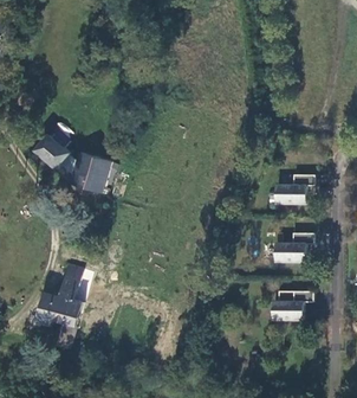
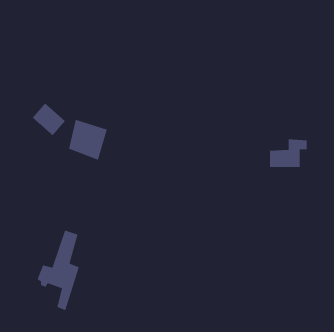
building: [275,232,314,261] -> none
building: [273,290,314,320] -> none

